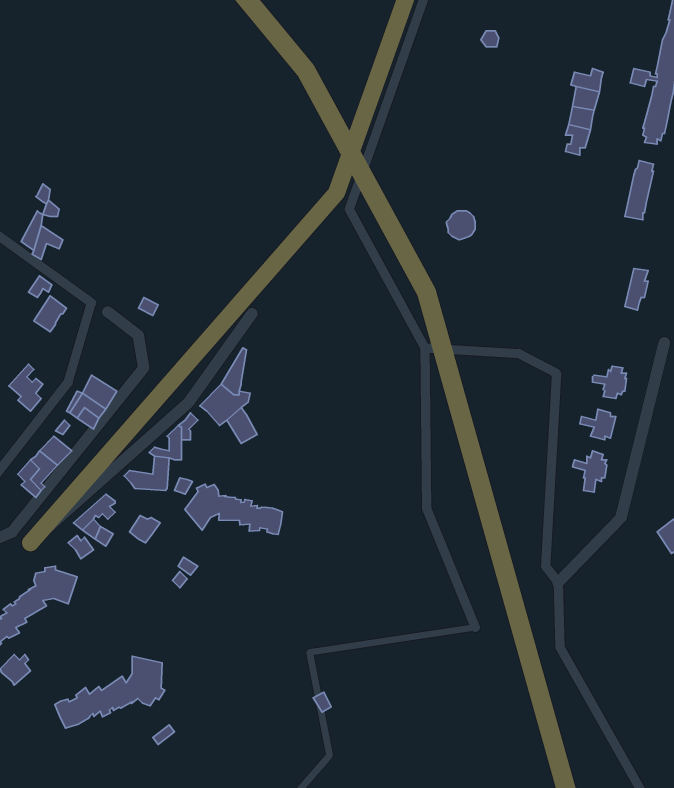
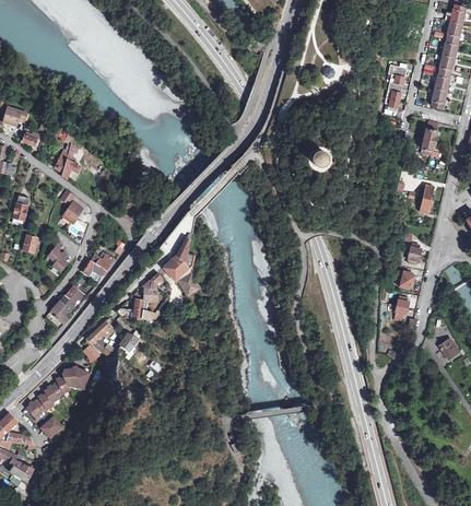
building: [185,484,283,534] -> none
building: [55,656,165,728] -> none

